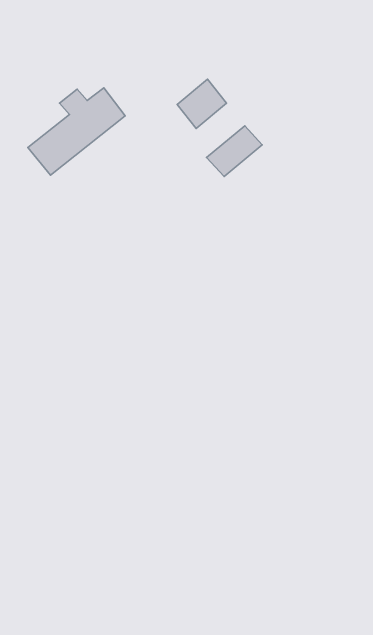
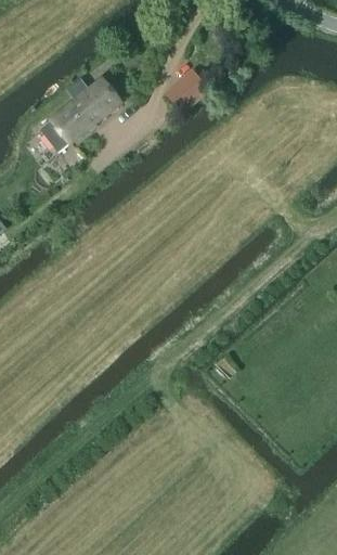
building: [207,126,262,177] -> none

